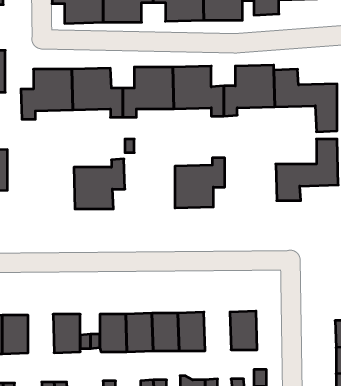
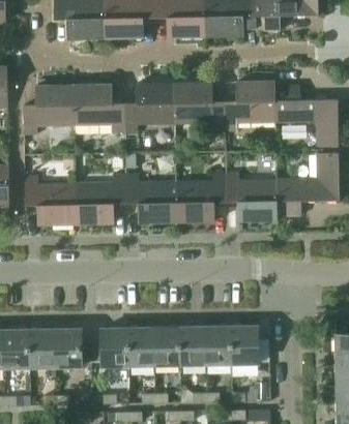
building: none -> [226,173,278,221]
building: none -> [125,174,176,222]
building: none -> [25,176,77,224]
building: none -> [205,326,232,364]
building: none -> [30,328,56,366]

